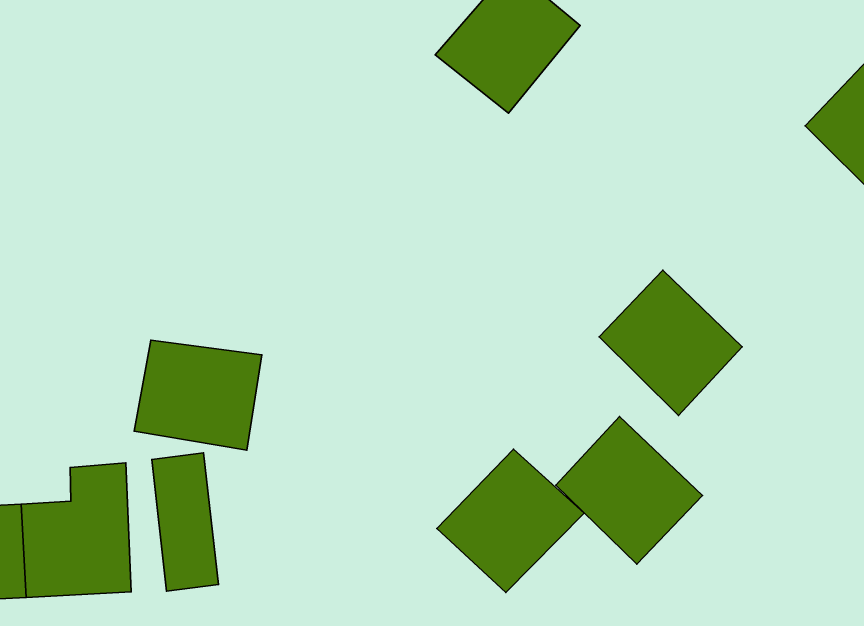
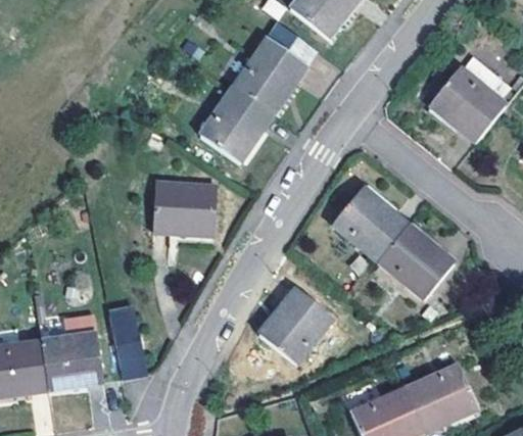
building: none -> [200,87,274,161]
building: [134,340,262,450] -> [152,182,215,234]
building: [556,416,703,564] -> [377,223,454,298]

